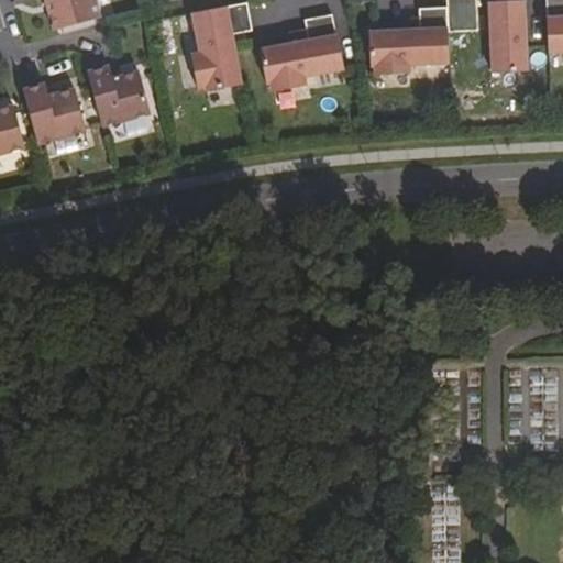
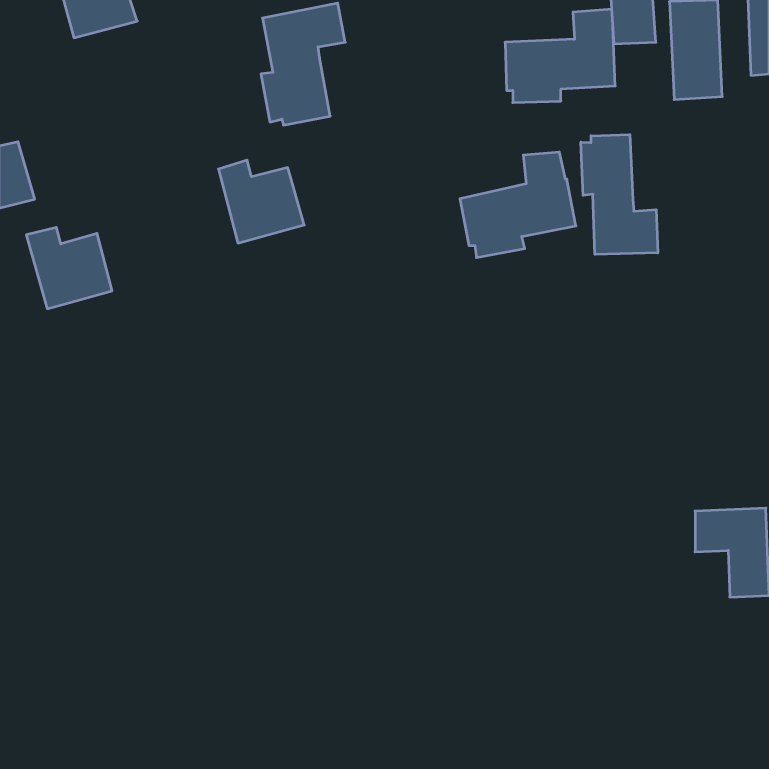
building: [258,12,343,89] -> [460,152,576,258]
building: [88,64,151,124] -> [218,160,304,243]
building: [23,82,86,142] -> [26,227,112,309]
building: none -> [581,135,658,254]

